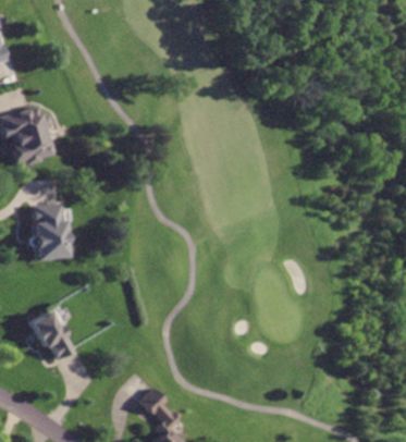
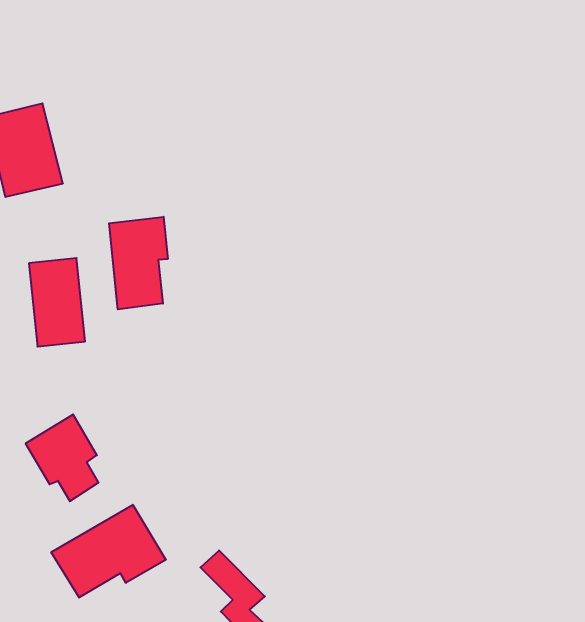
building: none -> [109,217,168,309]
building: none -> [51,505,166,598]

